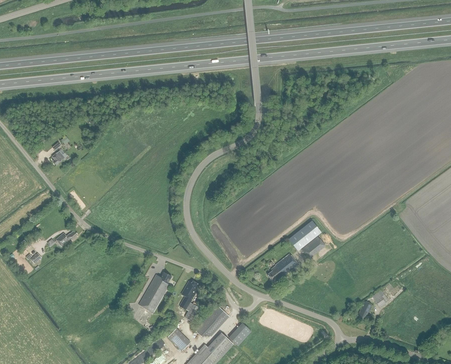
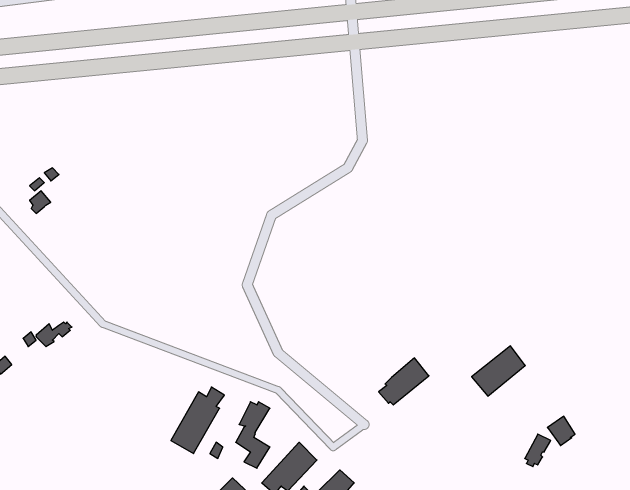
building: [288,220,321,251] -> [472,346,525,396]

